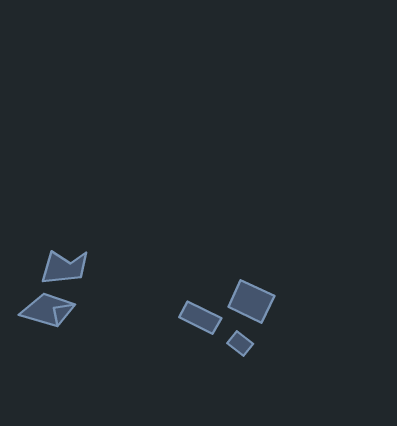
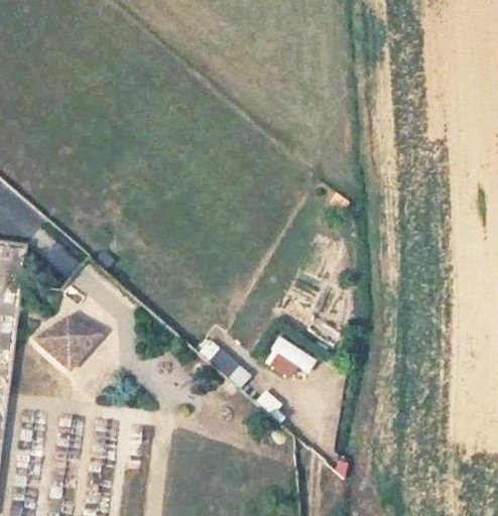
building: [43,251,86,281] -> none

